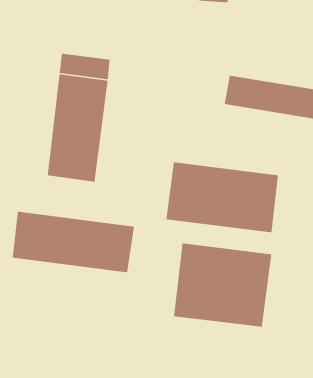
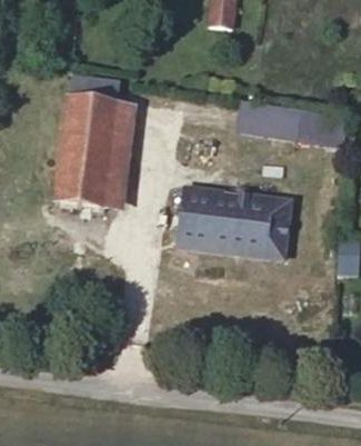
building: [12,211,135,273] -> none
building: [173,243,272,328] -> none

